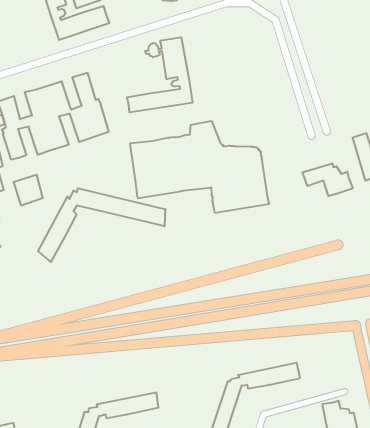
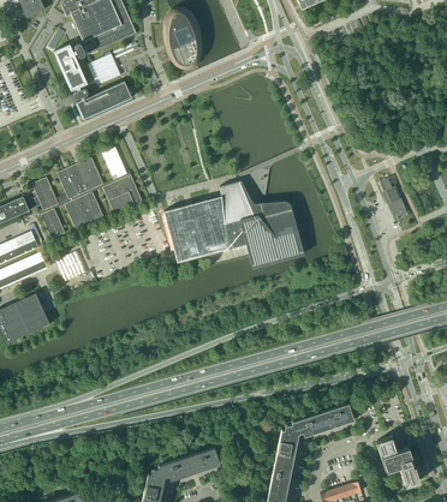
building: [127,37,192,112] -> none
building: [303,163,353,196] -> none
building: [38,188,165,262] -> none

